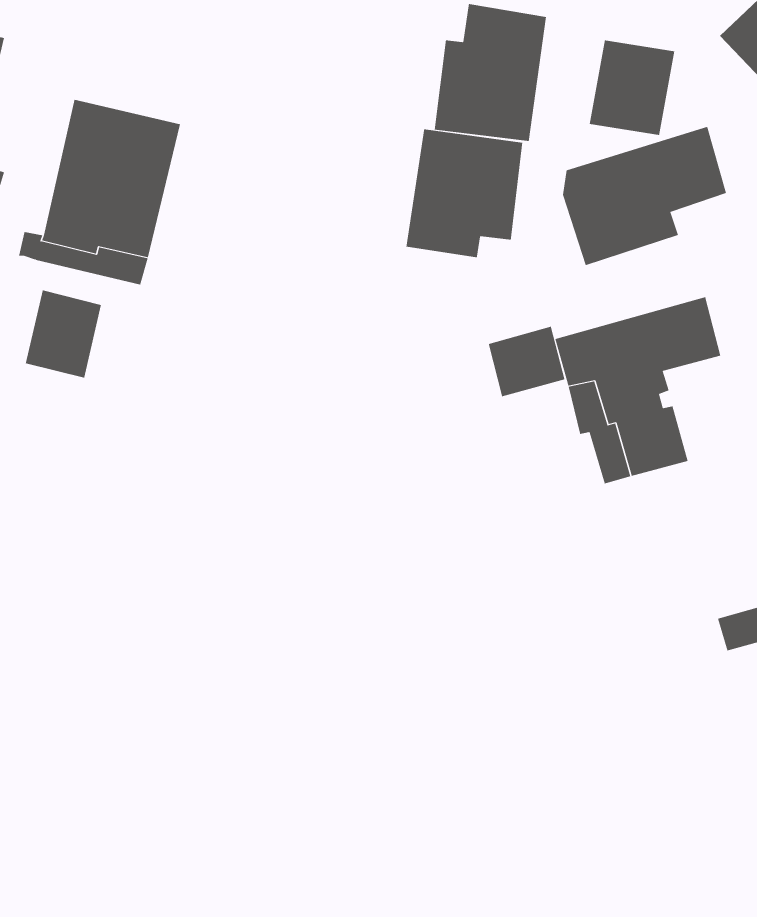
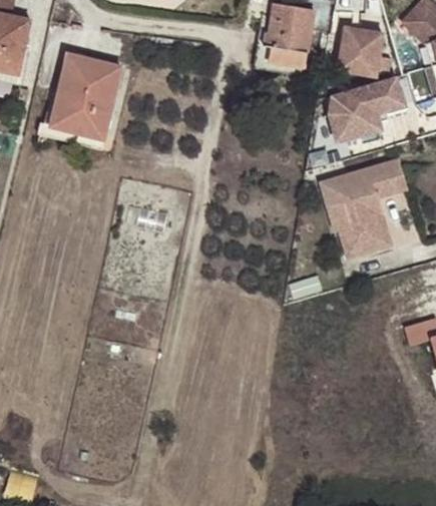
building: [406,128,523,258] -> none
building: [25,289,102,379] -> none
building: [488,326,565,397] -> none

